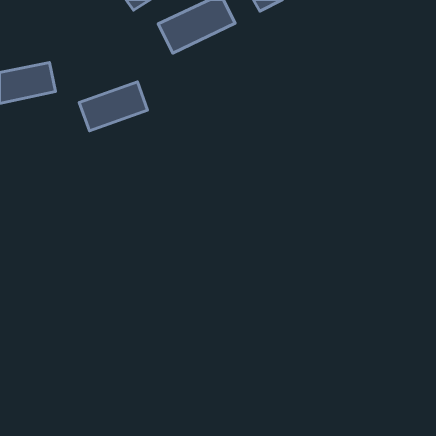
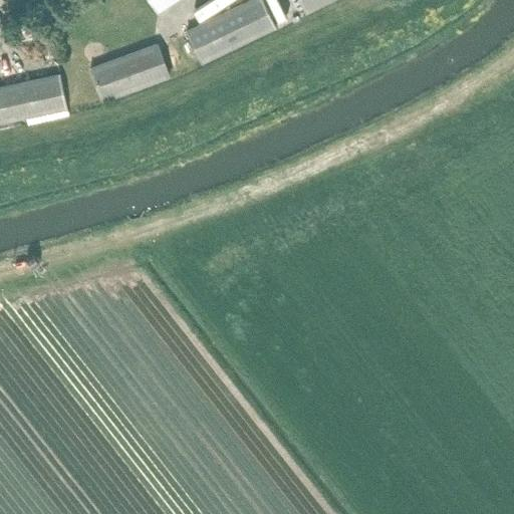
building: [79,82,148,131] -> [88,43,169,100]

